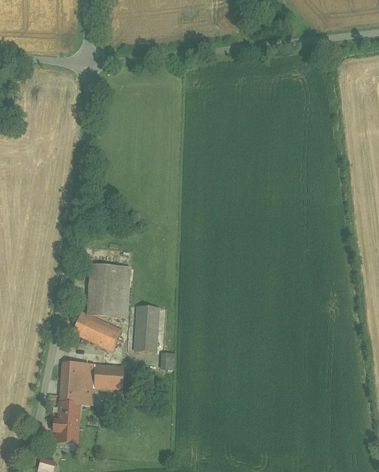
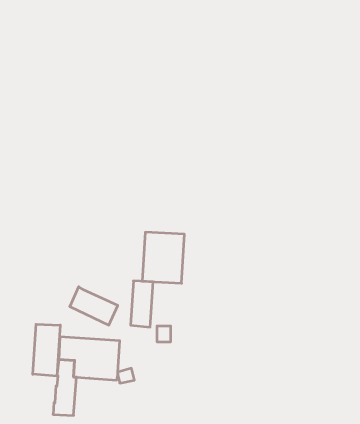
building: [86,264,129,316] -> [142,232,184,283]
building: none -> [33,324,60,376]

